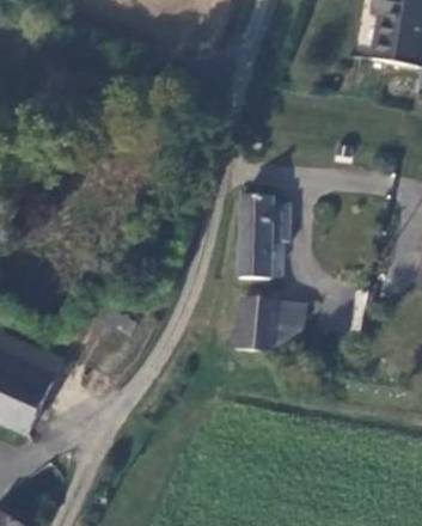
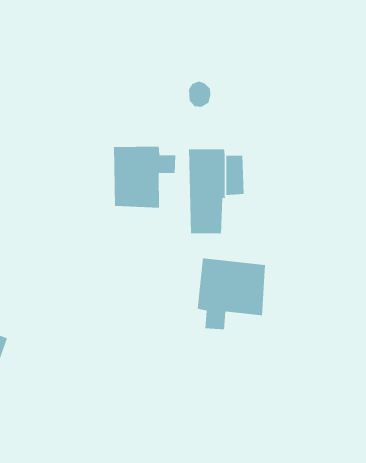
building: none -> [113,146,176,208]

